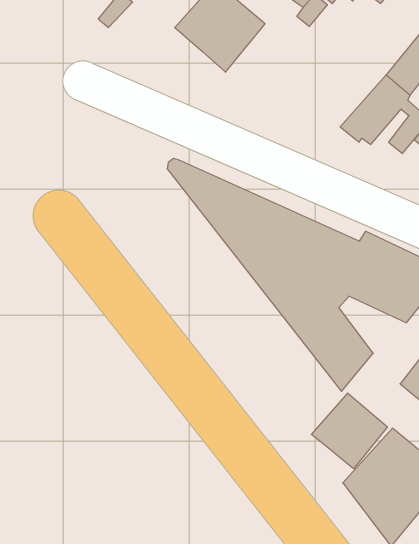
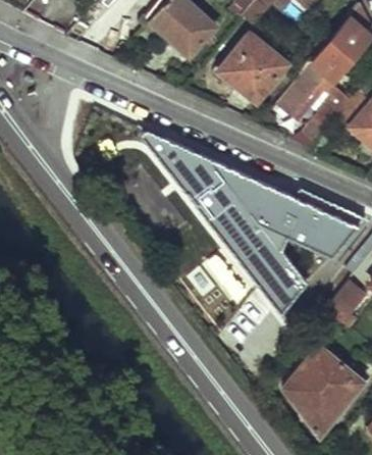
building: none -> [221,30,289,99]
building: [311,393,387,469] -> none

